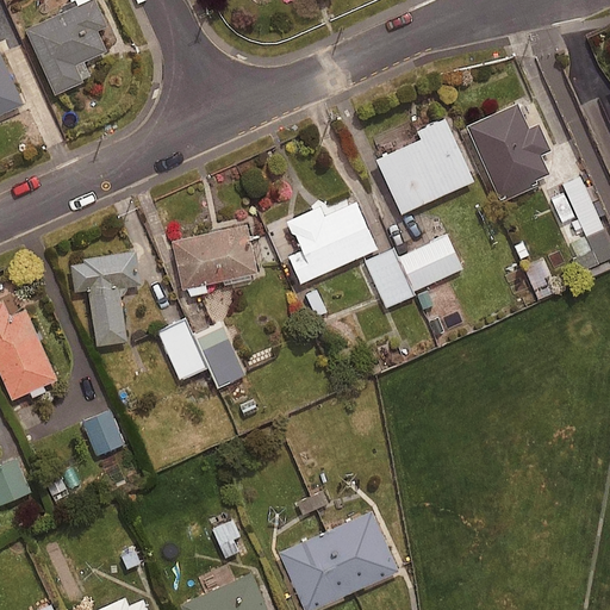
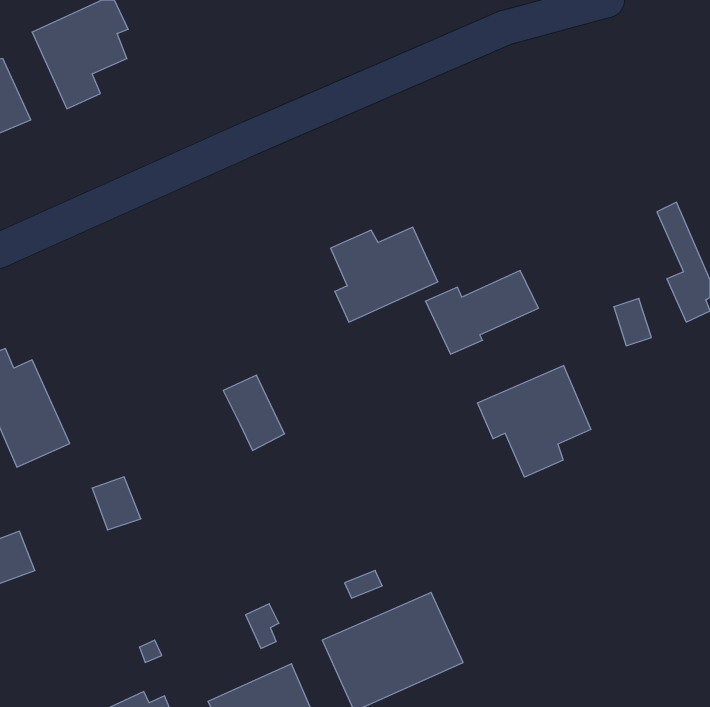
building: [469,106,554,205] -> none
building: [374,117,472,212] -> none
building: [174,228,260,293] -> none
building: [73,254,144,349] -> none
building: none -> [478,365,591,477]
building: [156,322,205,380] -> none

